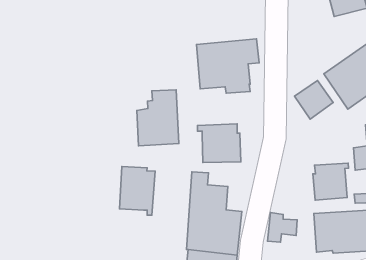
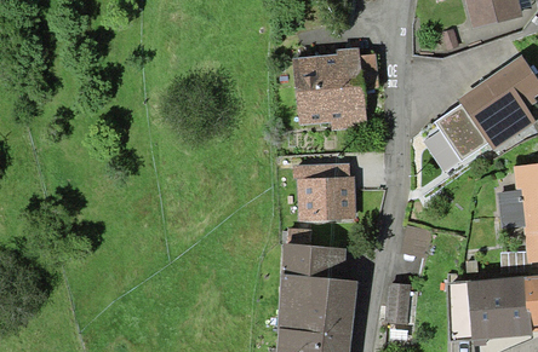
building: [137,90,179,146] -> none
building: [313,163,349,200] -> none
building: [120,167,155,215] -> none

